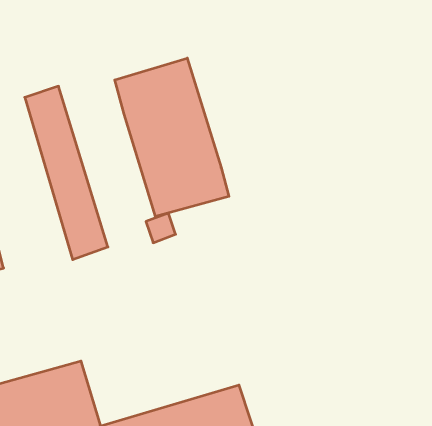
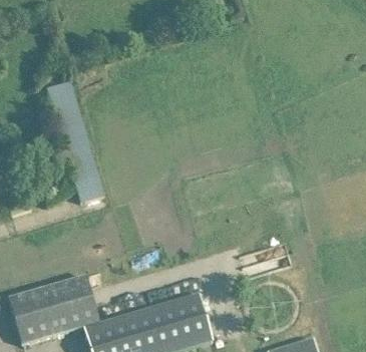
building: [115,58,229,217] -> none

